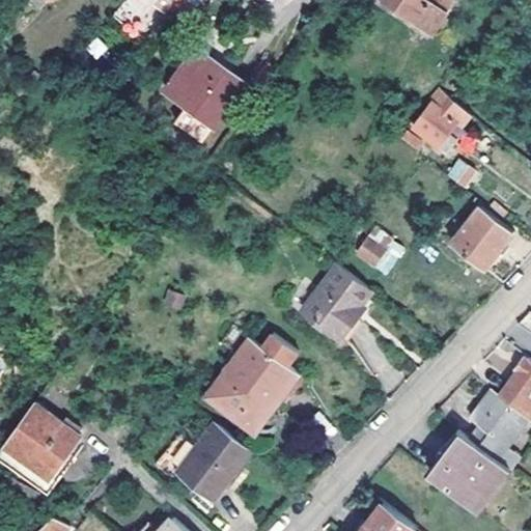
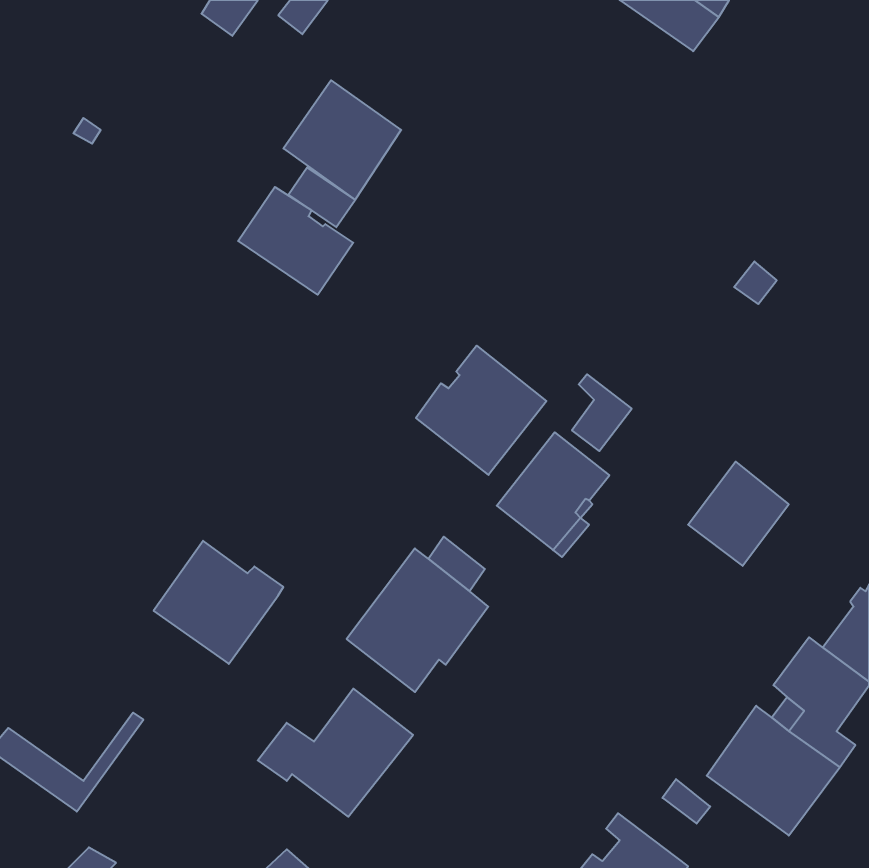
building: [412,101,471,148] -> none
building: none -> [238,187,353,295]
building: [451,207,512,271] -> [688,462,789,566]
building: none -> [416,346,546,475]
building: [5,402,84,477] -> [154,541,283,664]

